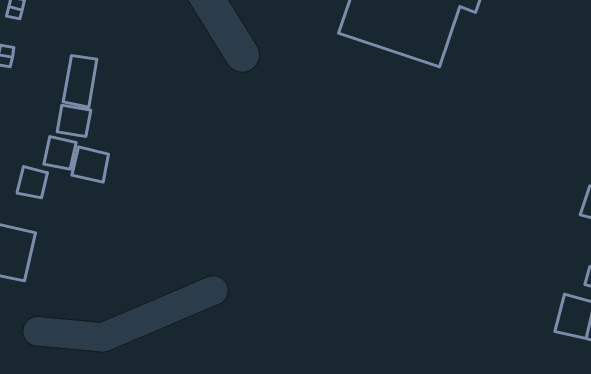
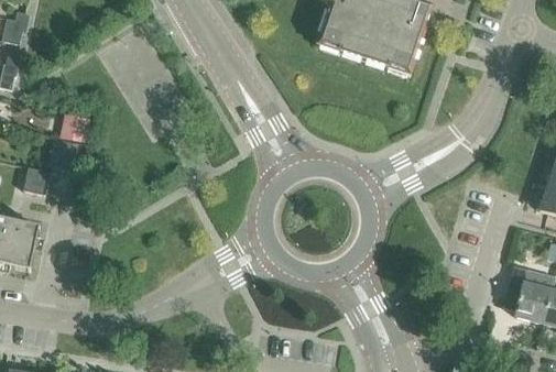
building: [63,56,97,107] -> none
building: [72,147,109,182] -> none

